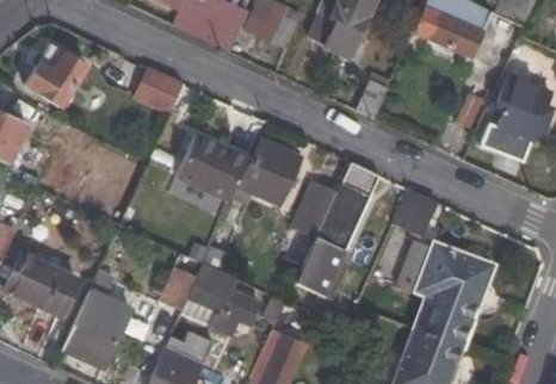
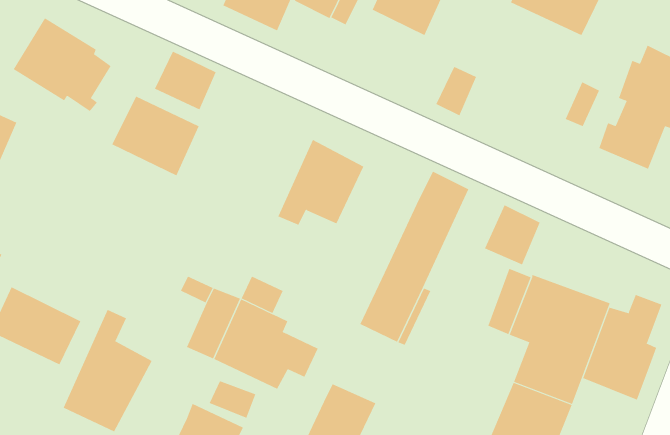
building: [177,136,246,199] -> [111,96,200,176]
building: [292,179,340,237] -> none
building: none -> [582,294,662,400]

